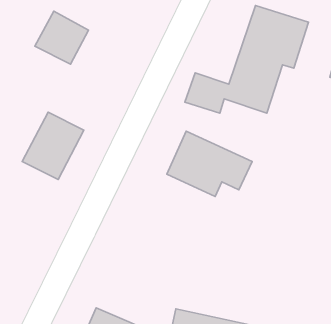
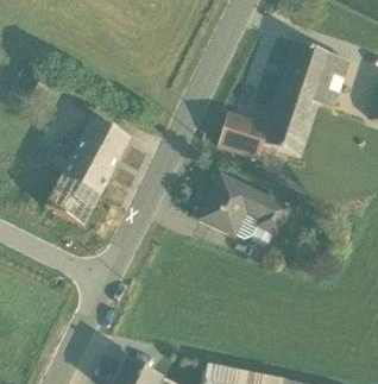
building: [35,11,89,64] -> [71,115,128,171]

